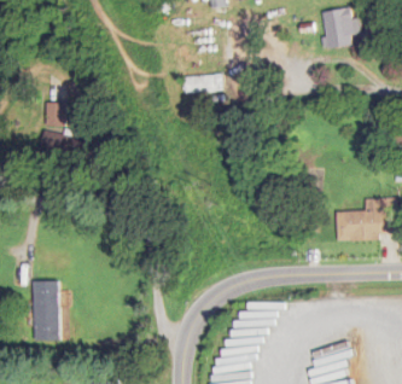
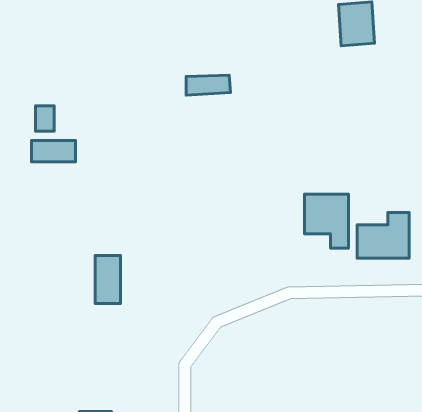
building: none -> [305,194,349,248]
building: [36,293,59,337] -> [95,256,120,304]

